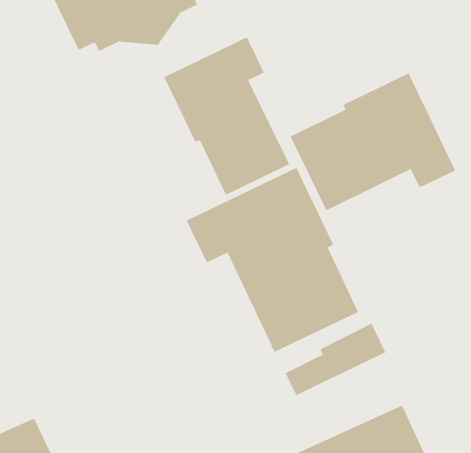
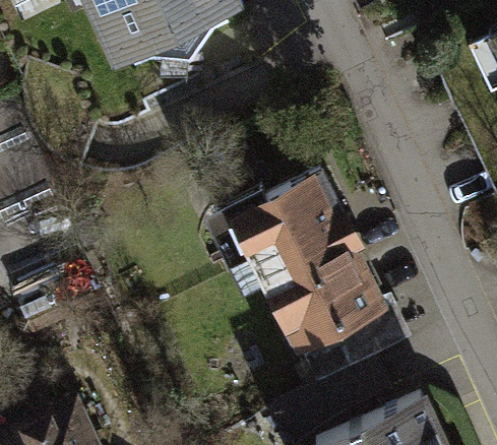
building: [163,36,290,195] -> none
building: [290,73,456,211] -> none

